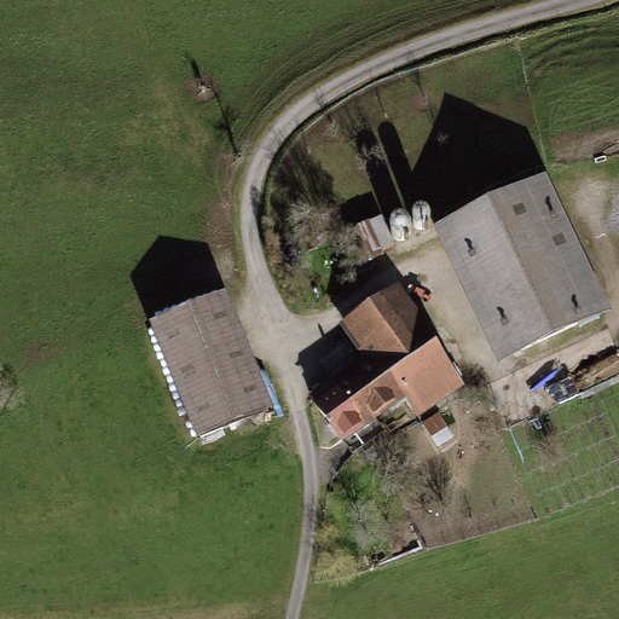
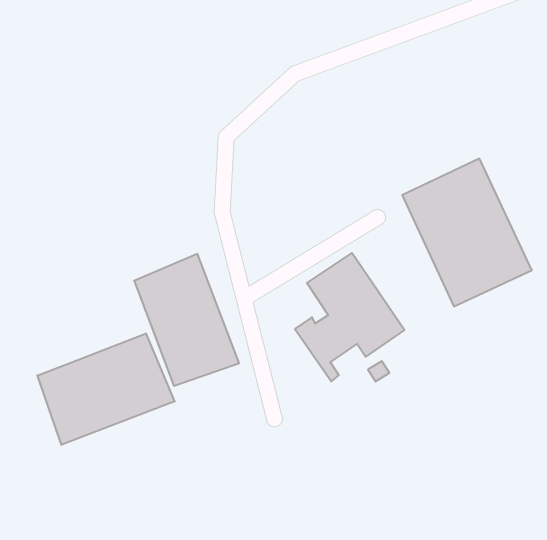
building: [310,371,374,444] -> none
building: none -> [37,333,175,445]

